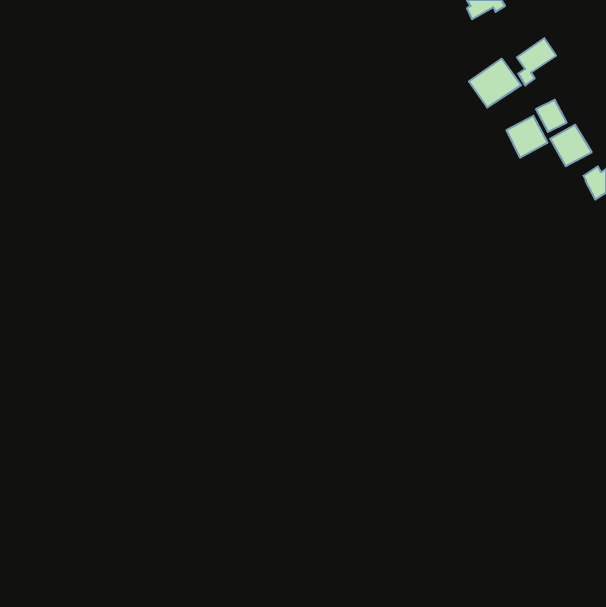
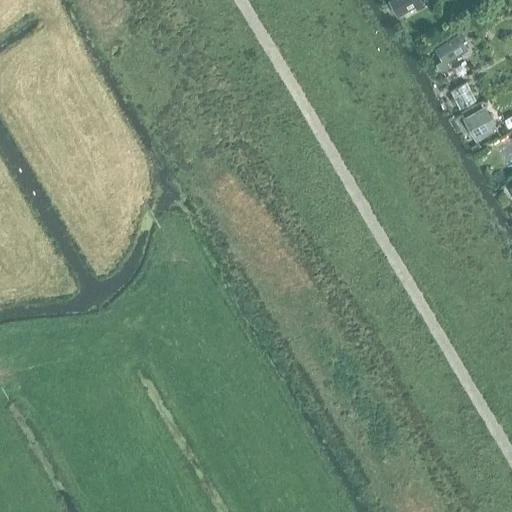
building: [469,59,521,108] -> none
building: [507,116,547,158] -> none

